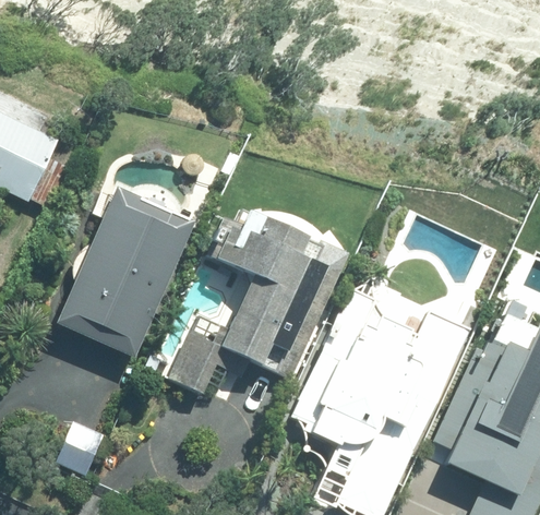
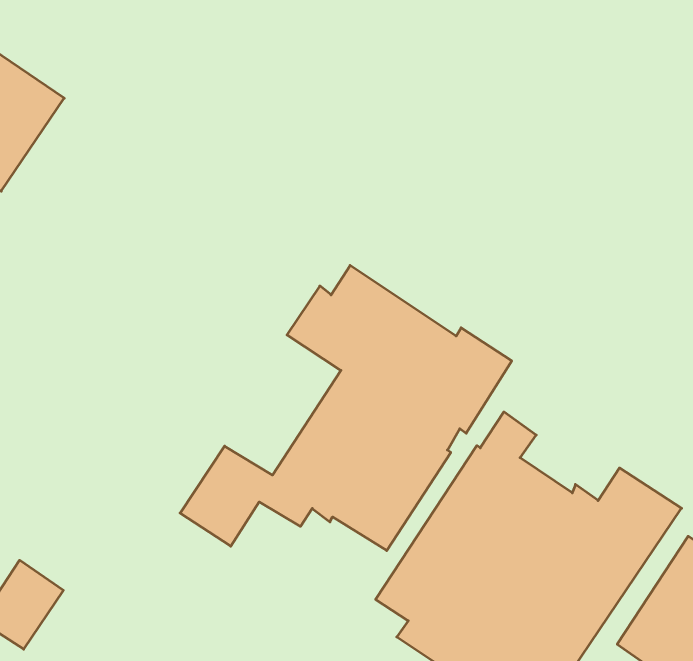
building: [53,188,192,359] -> none

